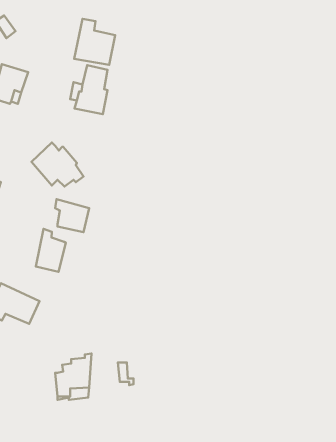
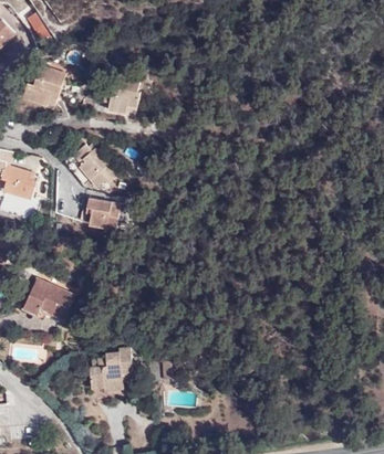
building: [74,19,115,65] -> none
building: [36,229,66,272] -> none

